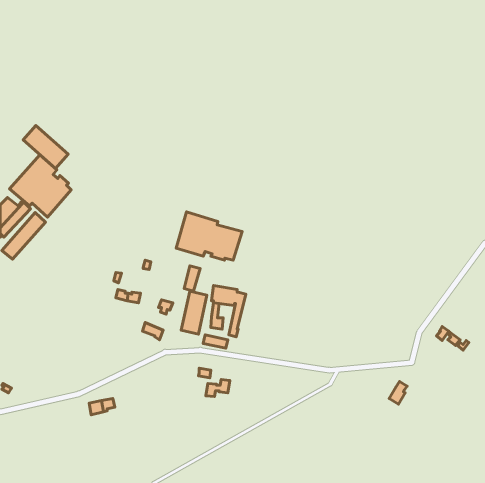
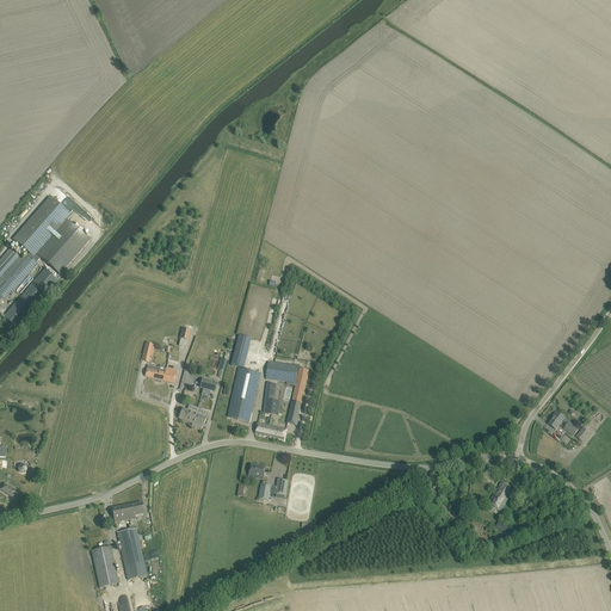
building: [23,125,68,169] -> none
building: [176,212,242,260] -> none
building: none -> [117,527,146,579]
building: none -> [91,544,119,586]

